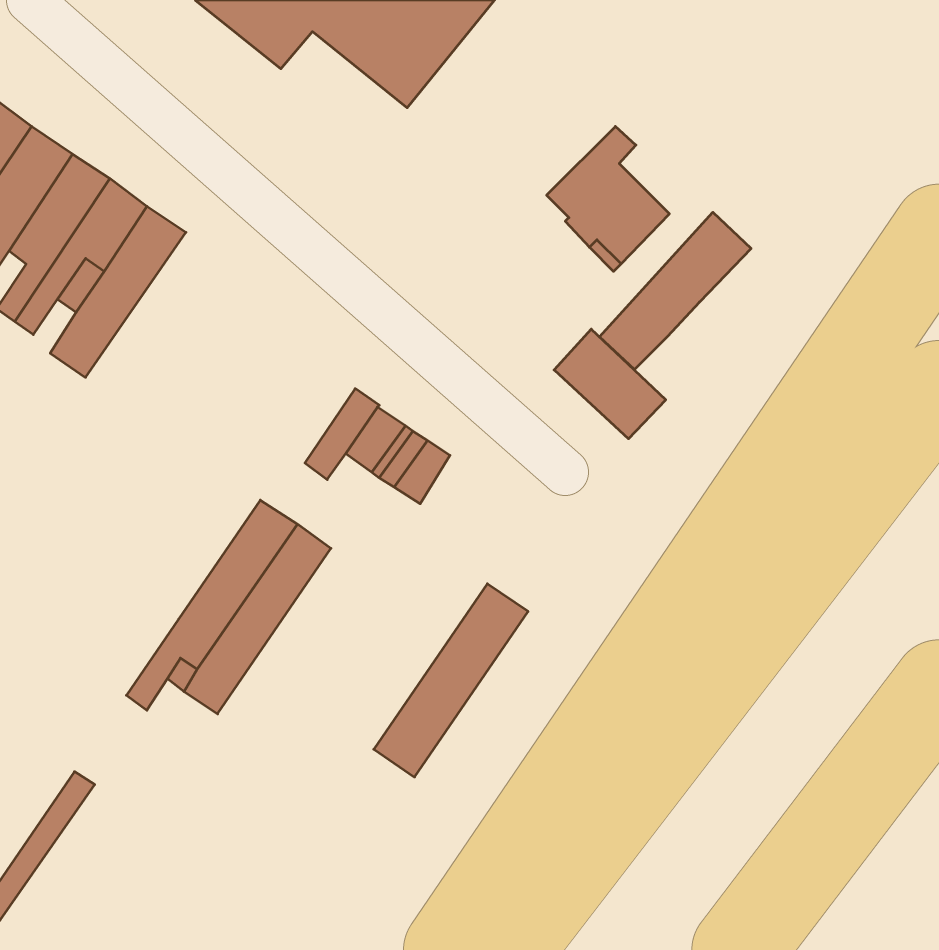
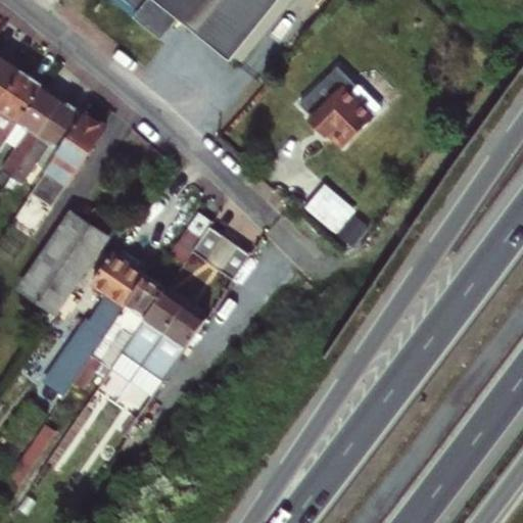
building: [599,212,751,369] -> none
building: none -> [18,207,118,317]
building: none -> [46,251,143,387]
building: [374,584,528,777] -> [120,301,204,408]

